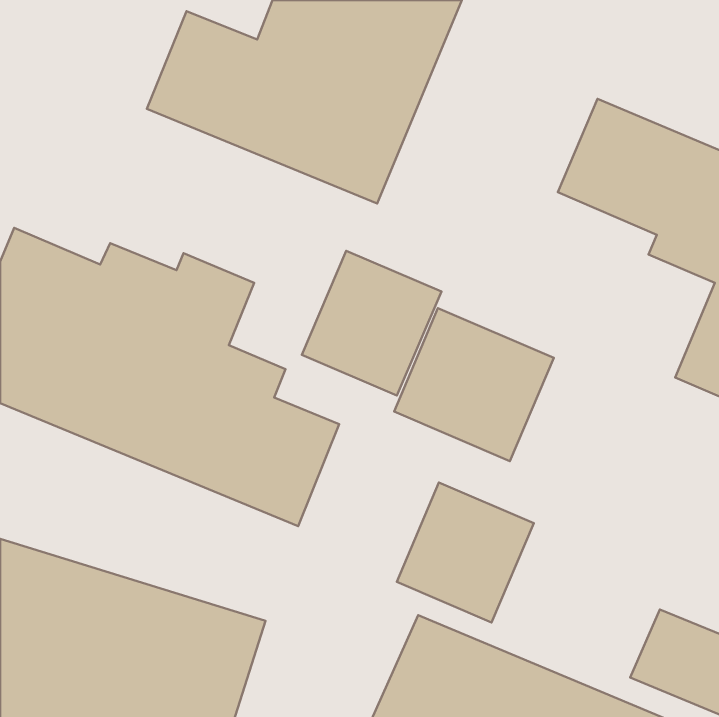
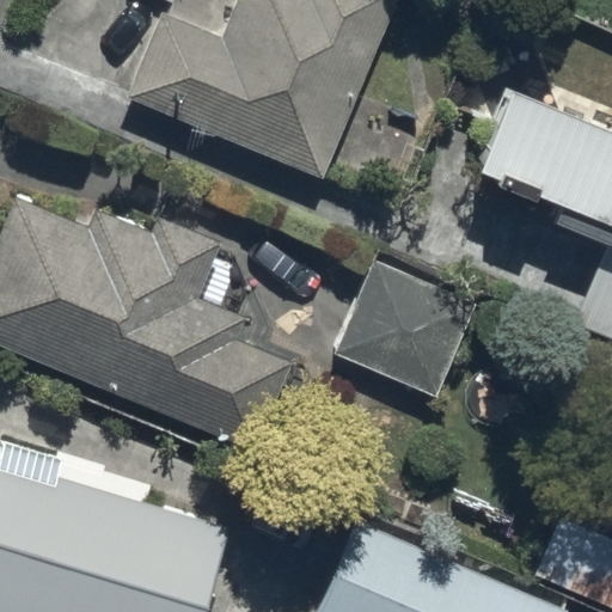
building: [302,251,441,396] -> none
building: [397,483,534,623] -> none

